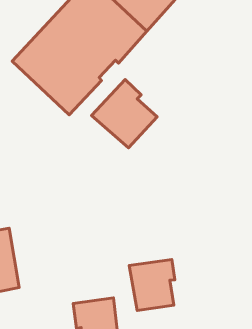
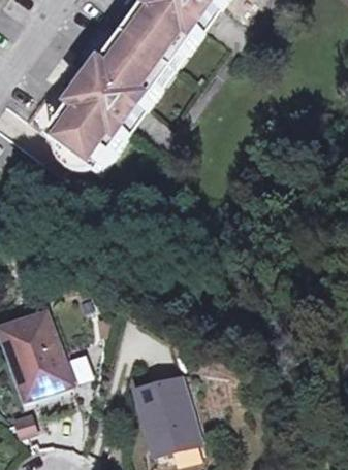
building: [91,80,157,148] -> none
building: [129,259,175,311] -> none

